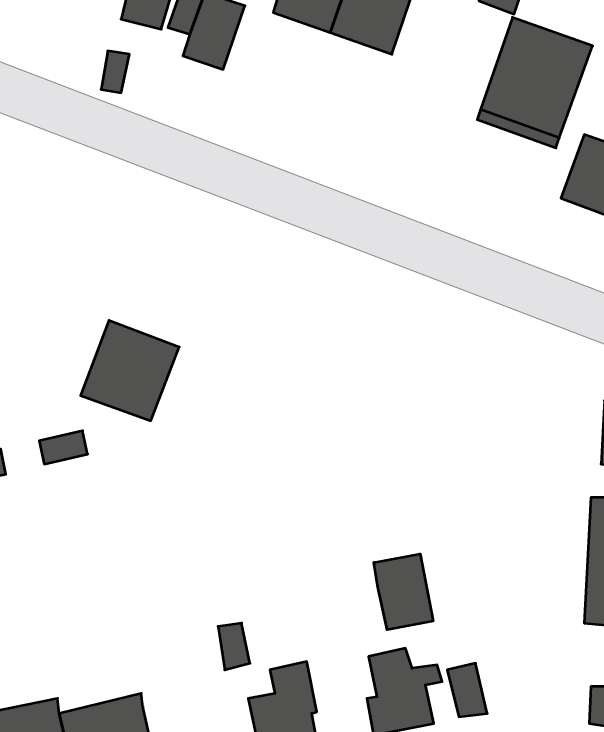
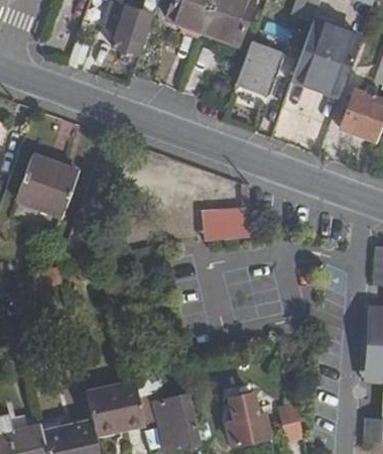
building: none -> [241,38,280,89]
building: [81,320,179,421] -> [16,152,76,213]
building: none -> [199,208,255,241]
building: [374,554,433,630] -> none
building: none -> [85,381,144,433]

